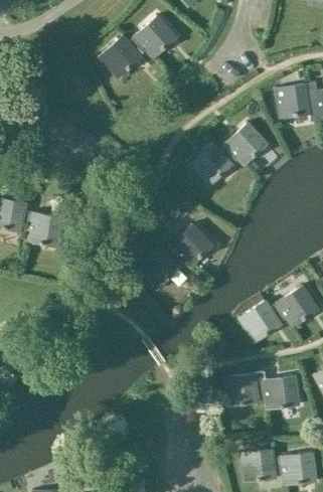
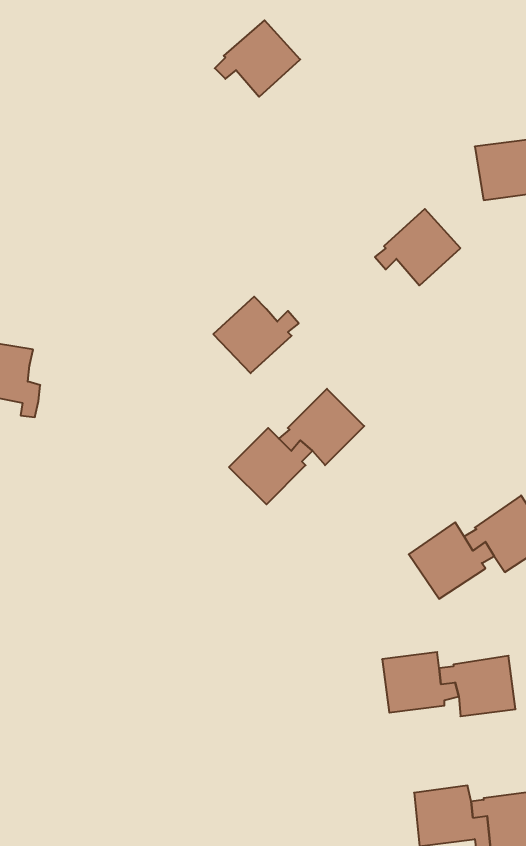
building: [99,34,147,77] -> none
building: [189,142,237,185] -> [213,297,299,373]
building: [23,210,63,247] -> none

